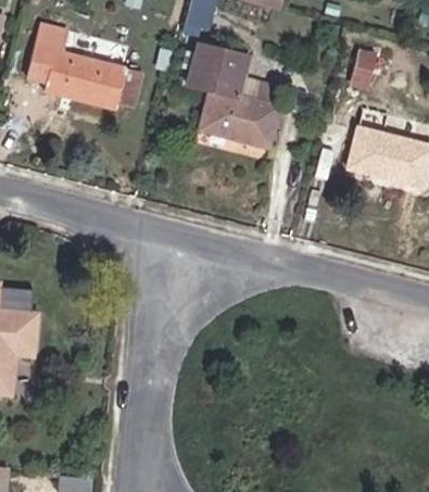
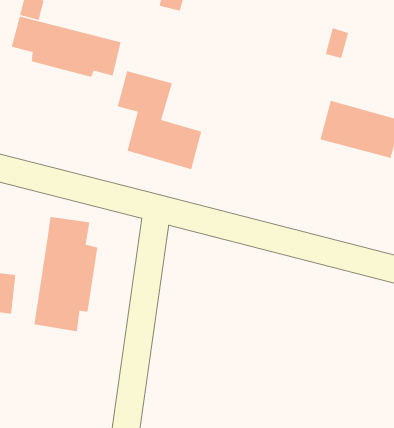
building: [191,47,279,150] -> [117,70,202,170]
building: none -> [34,216,98,332]

